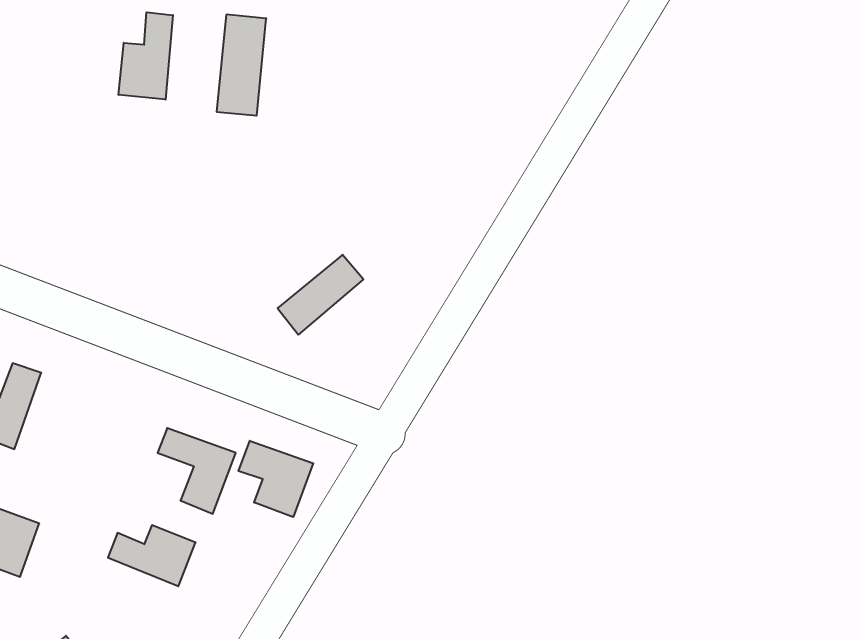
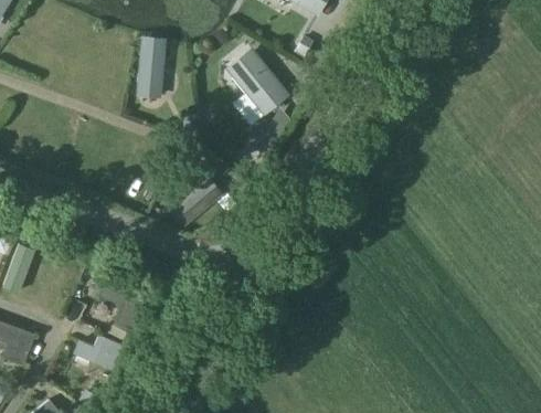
building: [119,12,173,100] -> none
building: none -> [226,49,289,126]
building: [238,441,313,517] -> none

